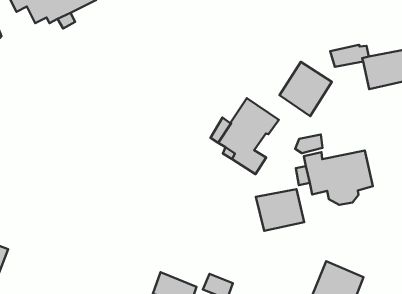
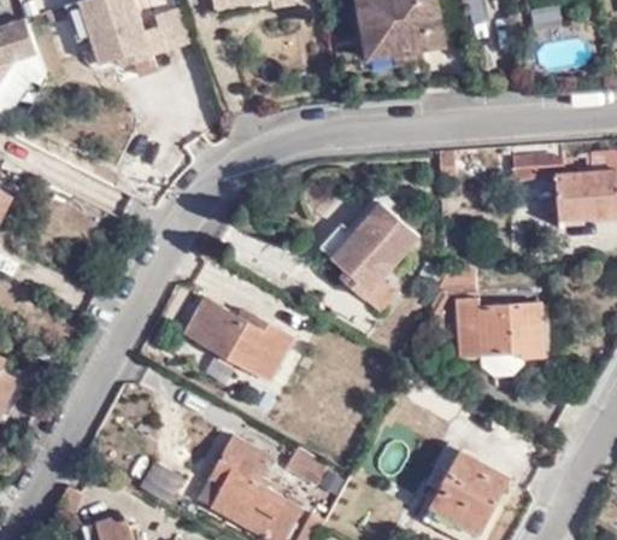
building: [280,62,332,116] -> none
building: none -> [182,305,290,386]
building: [256,189,304,231] -> none

